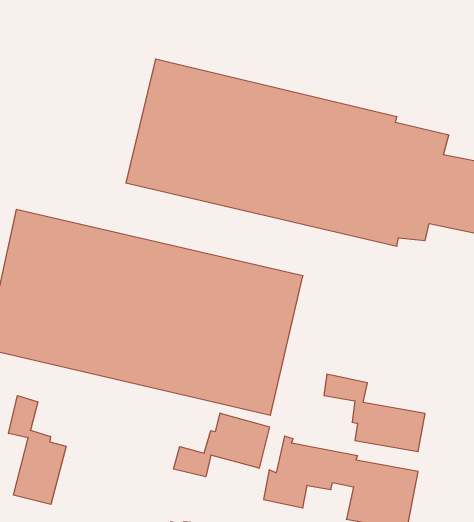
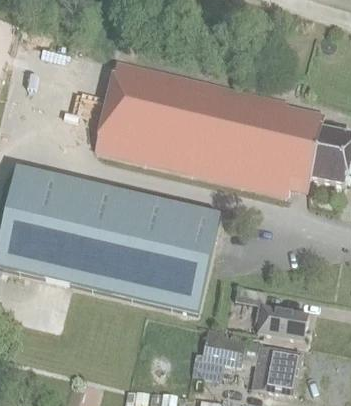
building: [9,396,66,504] -> none
building: [173,413,270,477] -> none

